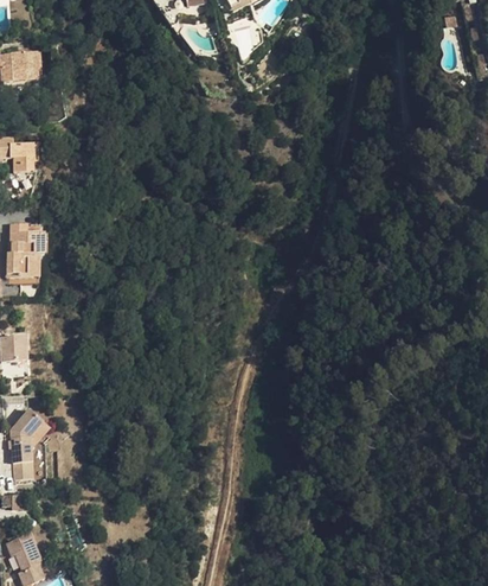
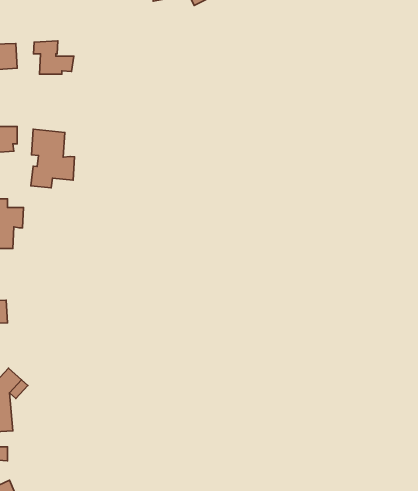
building: none -> [34,41,74,74]
building: none -> [31,129,74,188]

